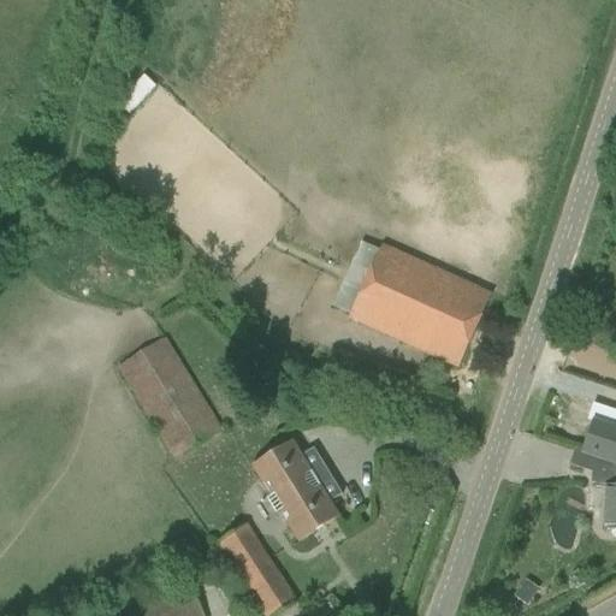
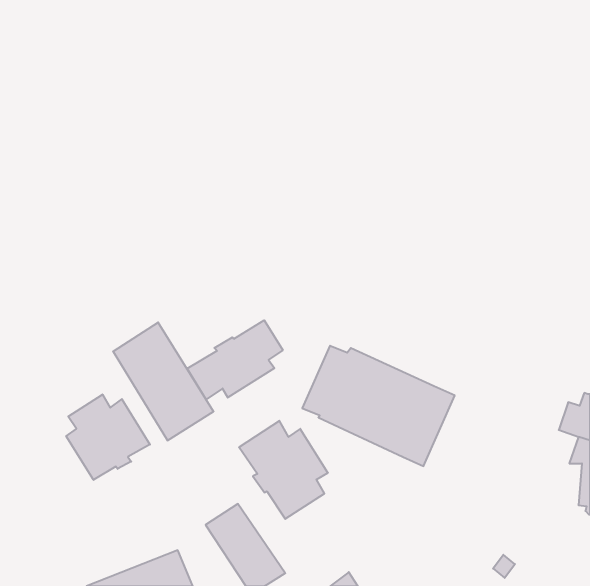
building: [331,239,490,365] -> [302,346,455,466]
building: none -> [187,320,283,400]
building: none -> [66,394,150,480]

